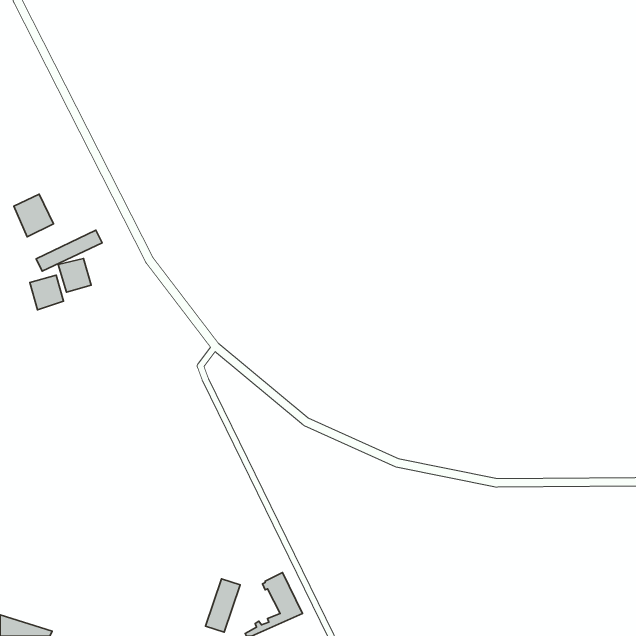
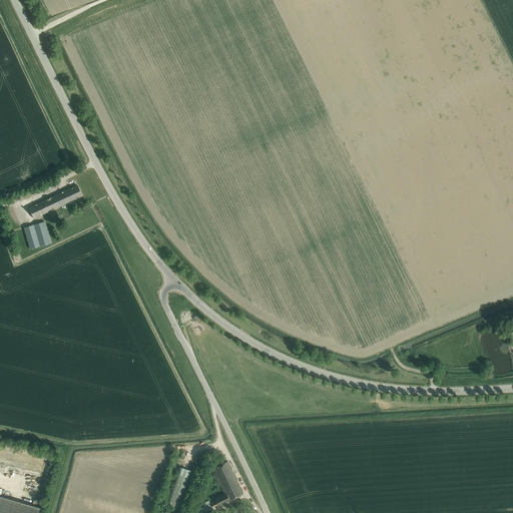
building: [14,194,54,237] -> none
building: [58,259,91,292] -> none

